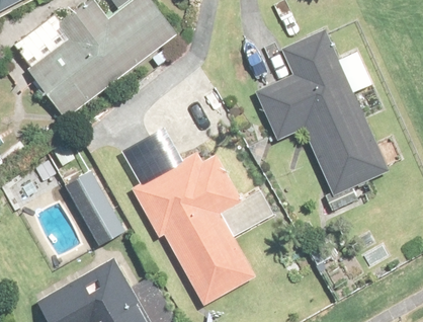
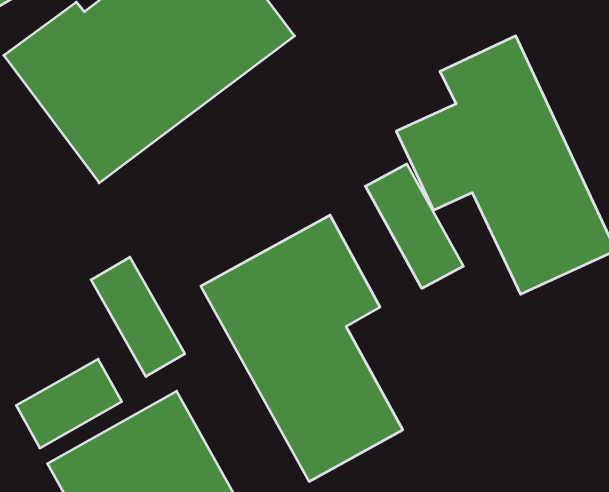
building: none -> [365,164,463,288]
building: none -> [16,359,122,448]

